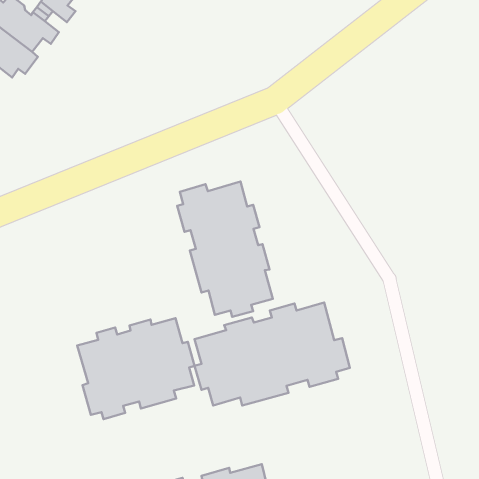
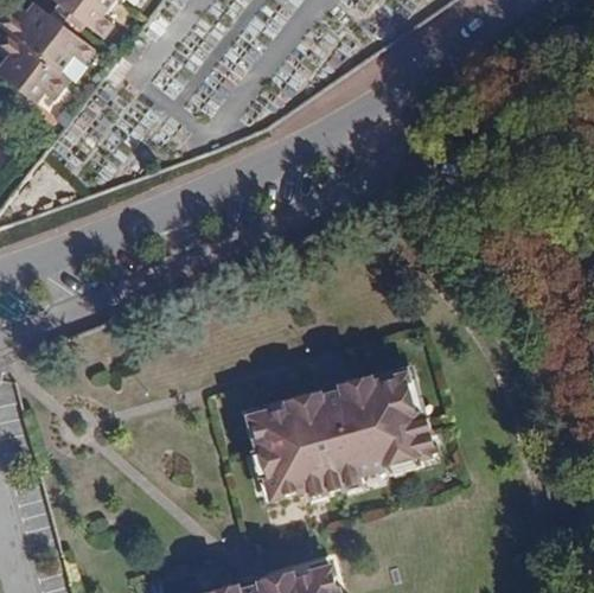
building: [177,182,273,317] -> none
building: [77,318,194,419] -> none

